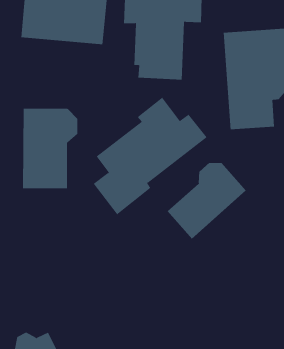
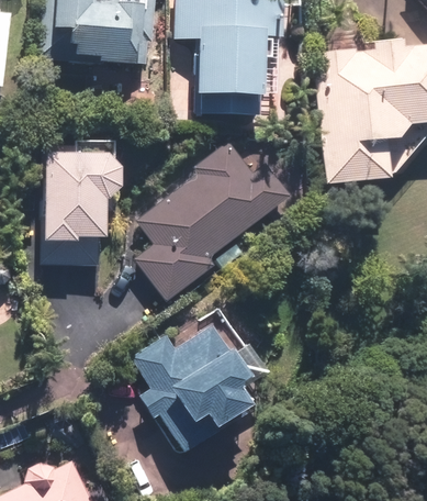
building: [167,162,246,240] -> none
building: none -> [133,326,262,453]

